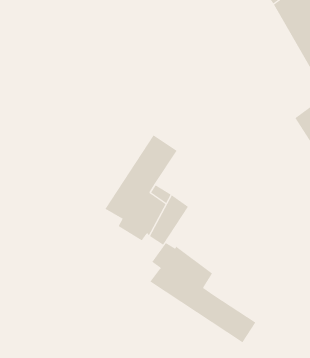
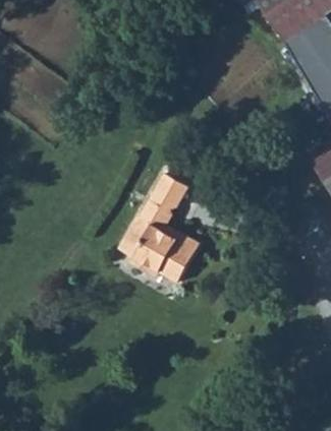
building: [149,242,256,343] -> none

